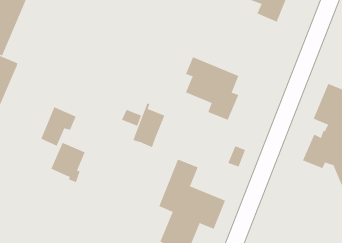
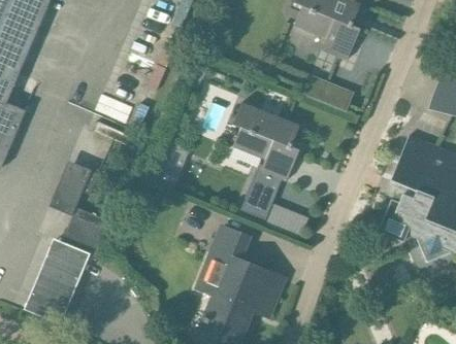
building: none -> [302,73,354,110]
building: [133,103,165,148] -> [240,163,281,218]
building: none -> [25,241,89,324]

